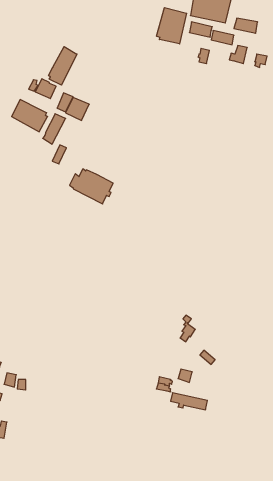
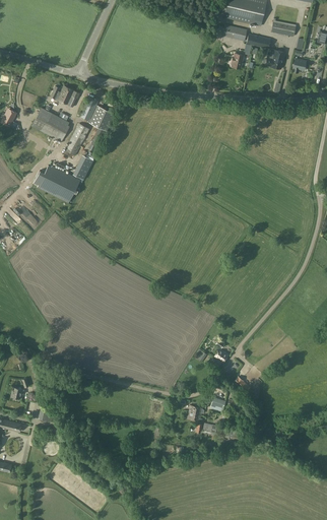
building: [157,8,187,44] -> none
building: [49,47,77,85] -> none
building: [70,169,113,204] -> [34,165,80,202]

